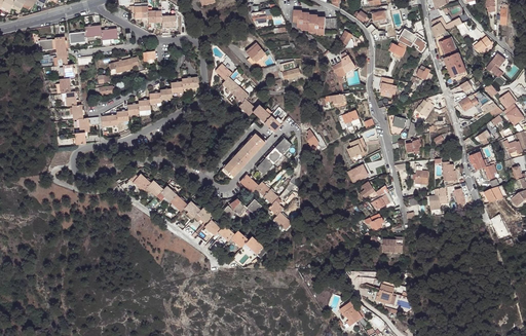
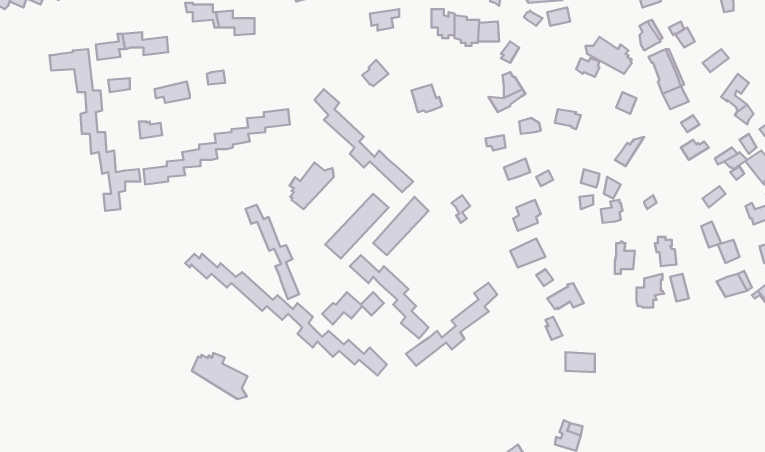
building: none -> [290,162,334,209]
building: none -> [246,205,299,299]
building: none -> [406,283,497,366]
building: none -> [192,353,247,399]

